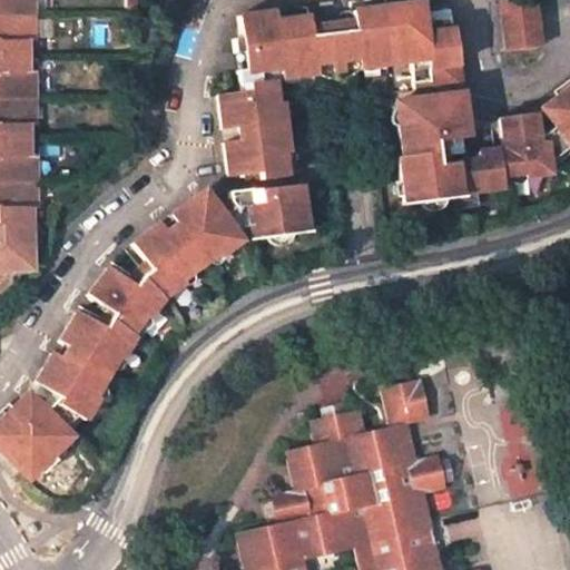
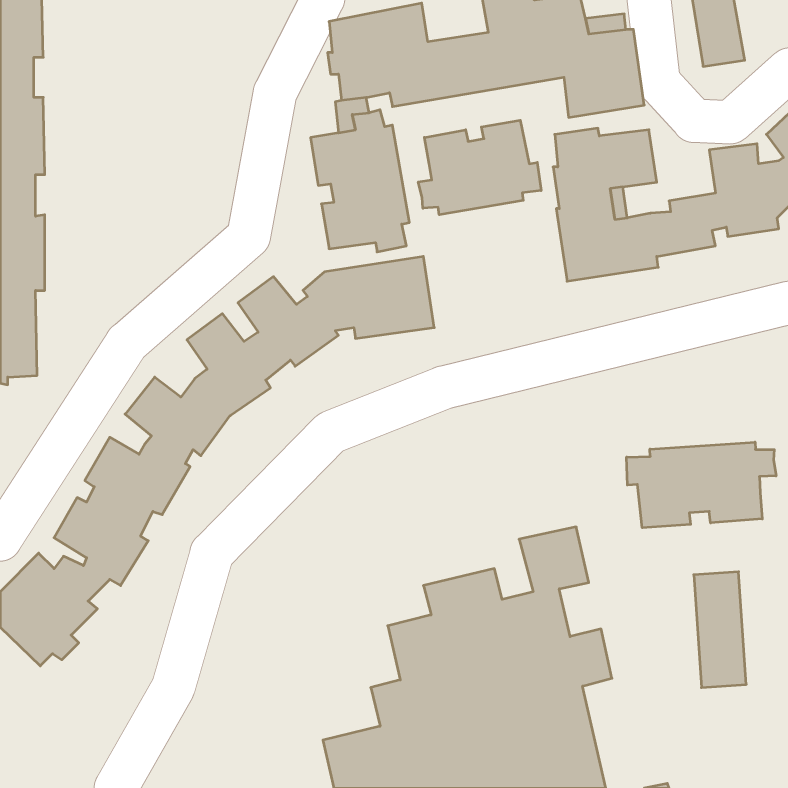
building: none -> [418,120,541,215]
building: none -> [627,442,776,528]

